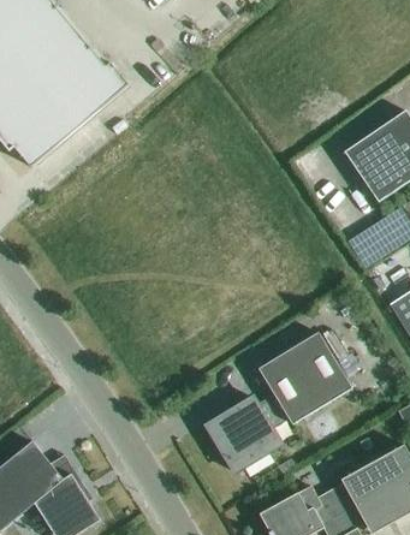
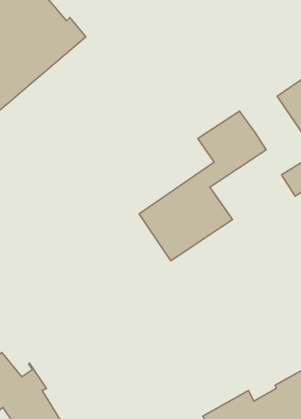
building: none -> [139,111,266,261]
building: [207,332,352,471] -> none

